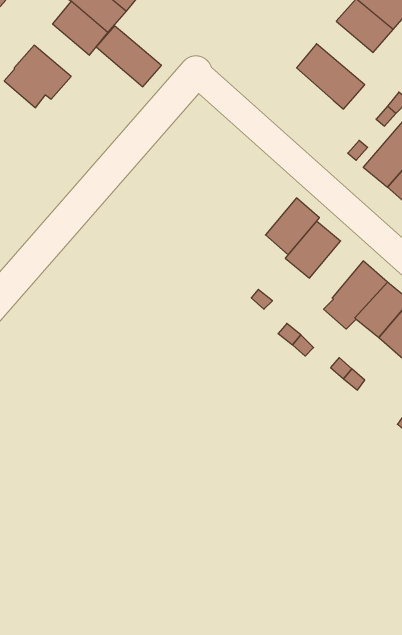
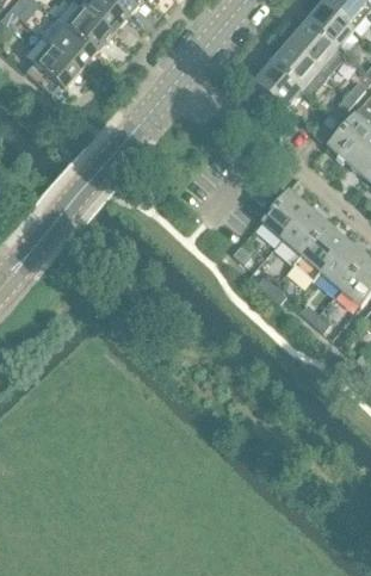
building: none -> [287,20,345,74]
building: [96,26,161,87] -> [42,16,97,67]
building: none -> [253,60,302,106]
building: [265,198,319,255] -> [282,205,327,253]

